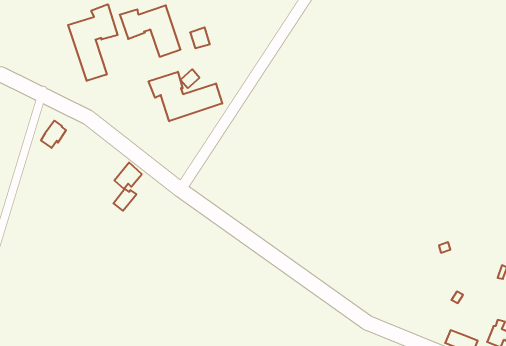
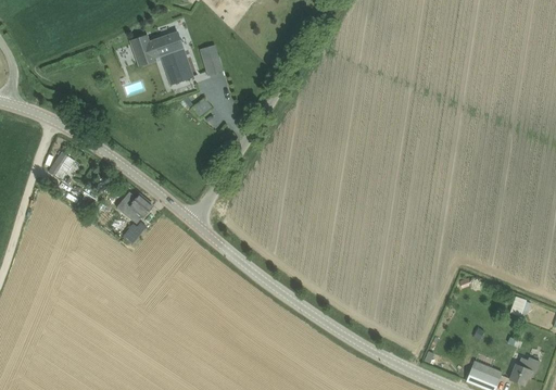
building: [68,4,118,81] -> none
building: [149,72,222,121] -> none

